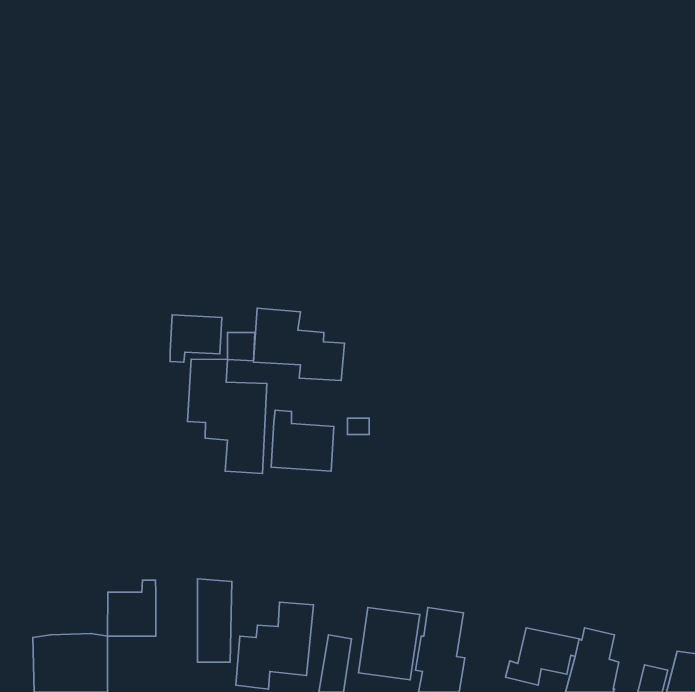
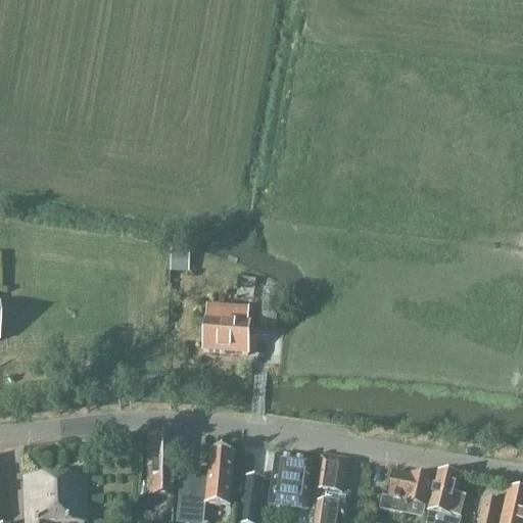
building: [253,308,344,380] -> none
building: [170,315,222,362] -> none
building: [188,359,267,474] -> none
building: [108,580,156,636] -> none

